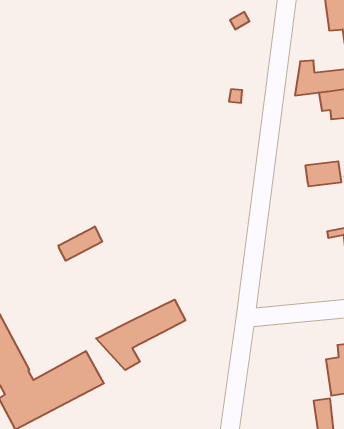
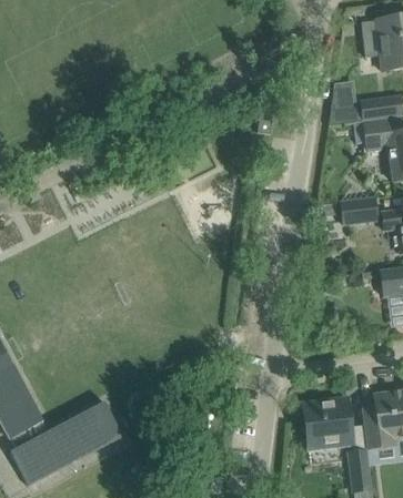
building: [58,226,102,261] -> none
building: [96,300,185,370] -> none
building: none -> [303,397,353,449]

